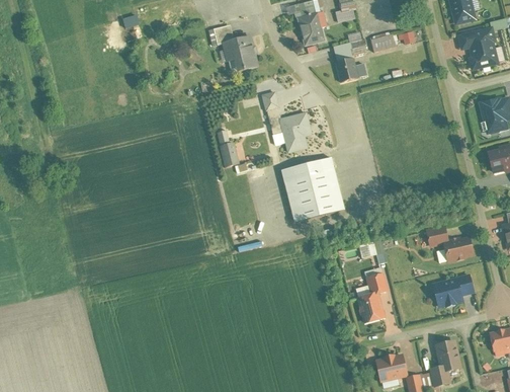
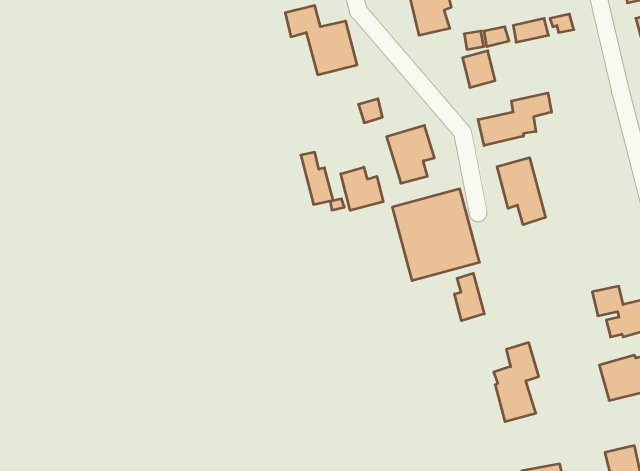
building: none -> [478,93,552,146]
building: none -> [497,158,546,225]
building: none -> [341,167,383,210]
building: none -> [454,273,484,321]

